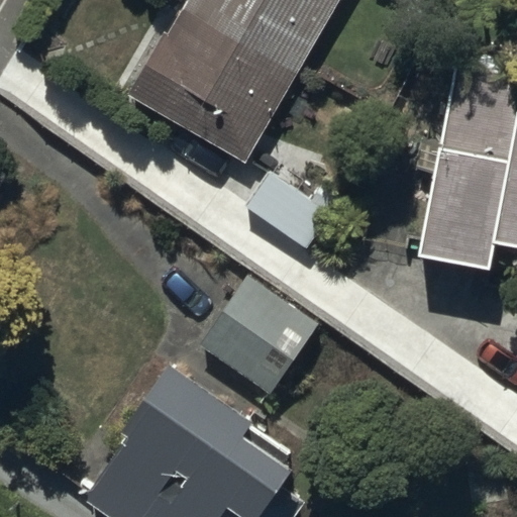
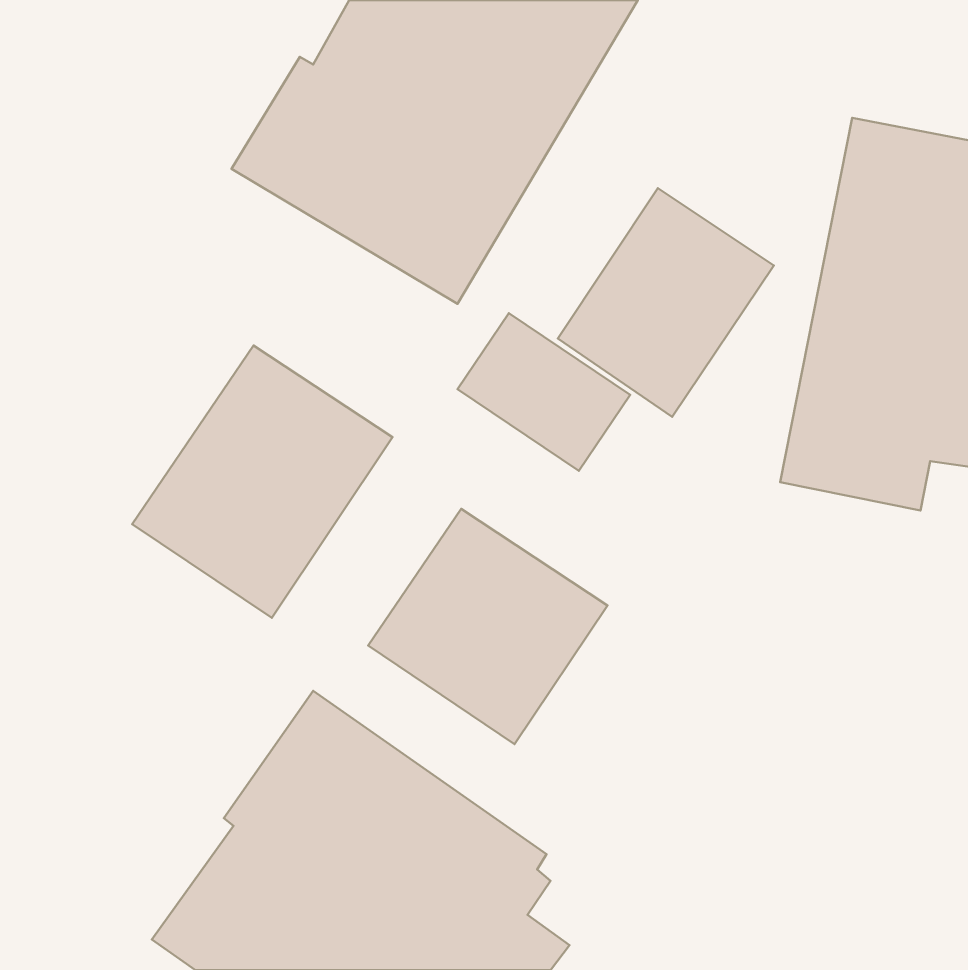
building: none -> [558,188,774,417]
building: none -> [132,345,392,618]

